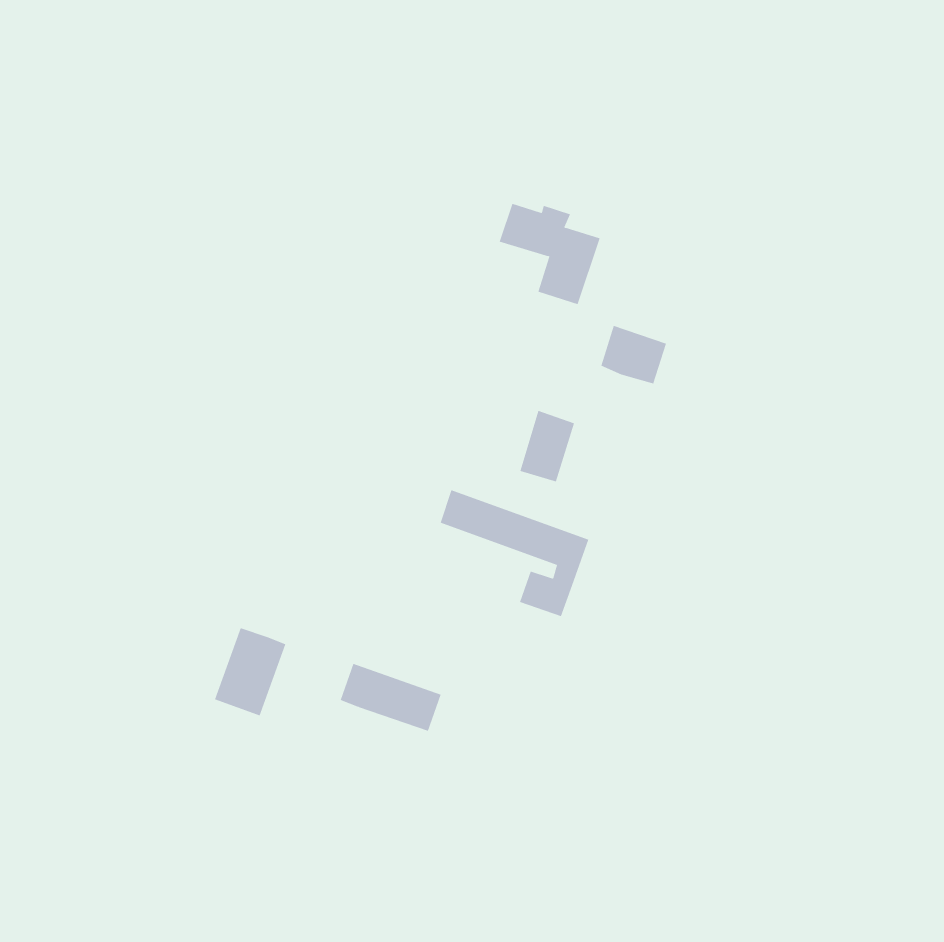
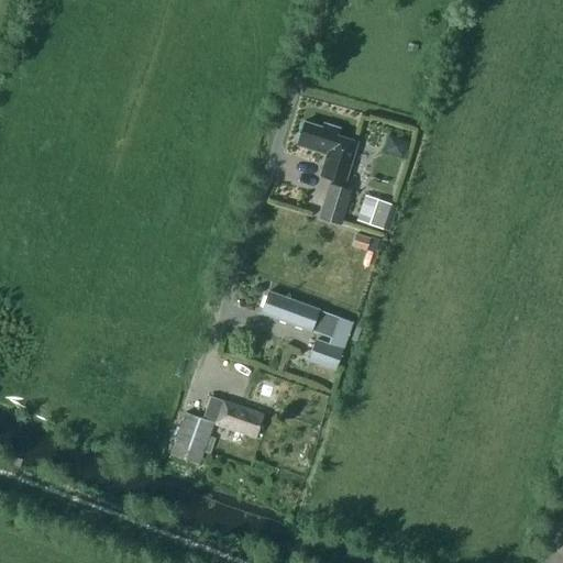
building: [519,410,575,482] -> [318,180,351,223]
building: [214,628,286,716] -> [170,411,213,464]

